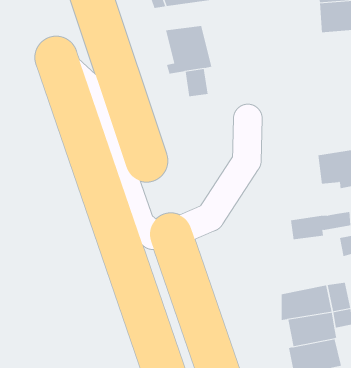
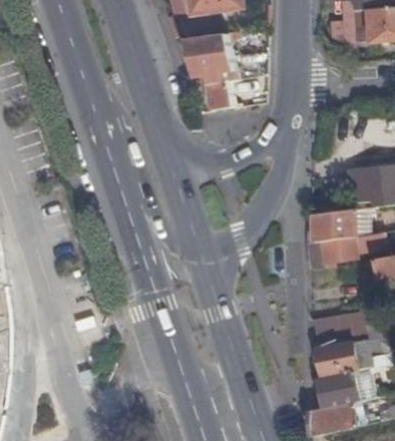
building: none -> [304,208,369,243]

